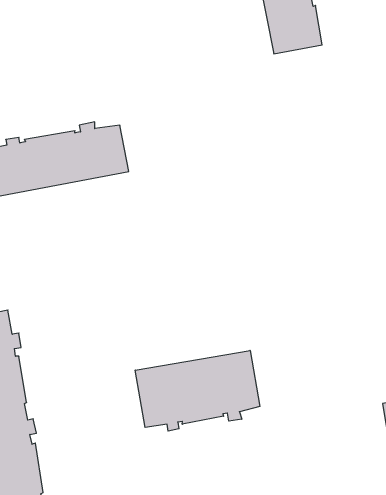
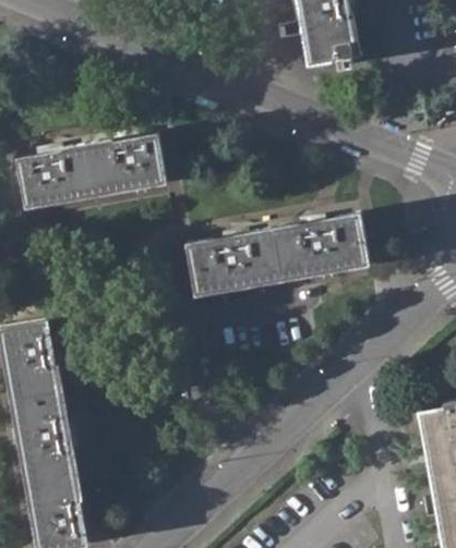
building: none -> [188,215,368,295]
building: [135,350,260,431] -> none

